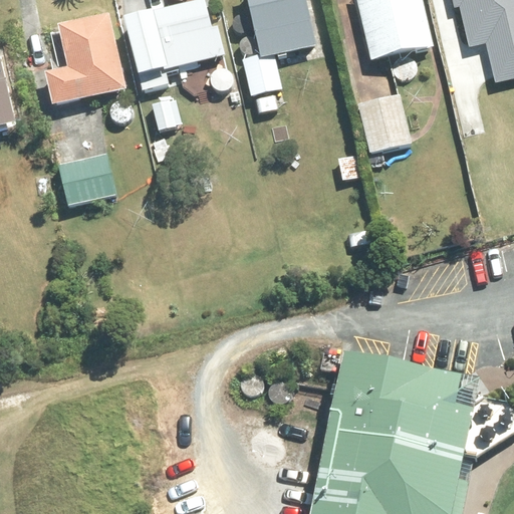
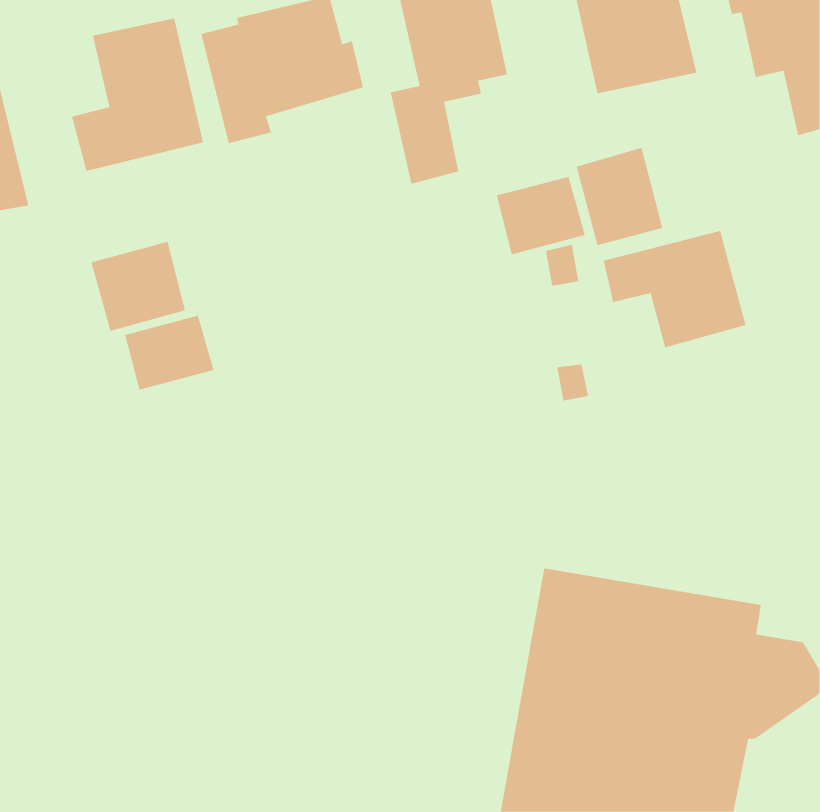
building: none -> [496,176,586,255]
building: none -> [603,230,746,348]
building: none -> [125,315,214,391]

